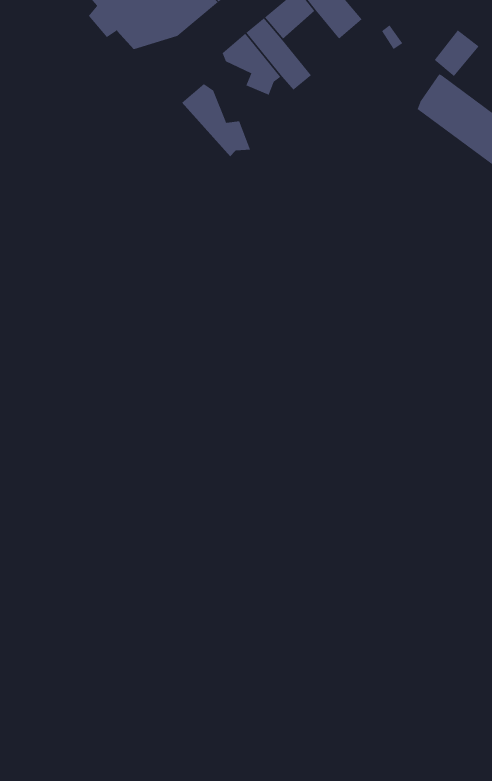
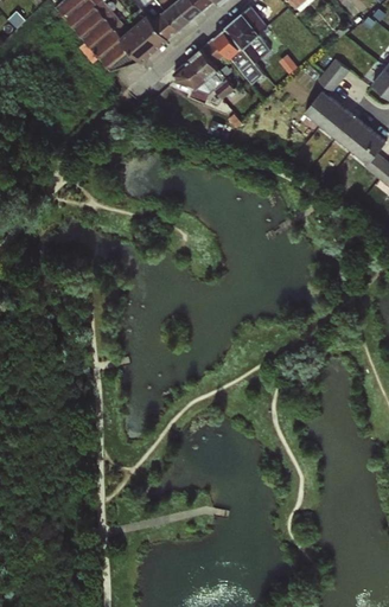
building: [181,83,251,157] -> none

